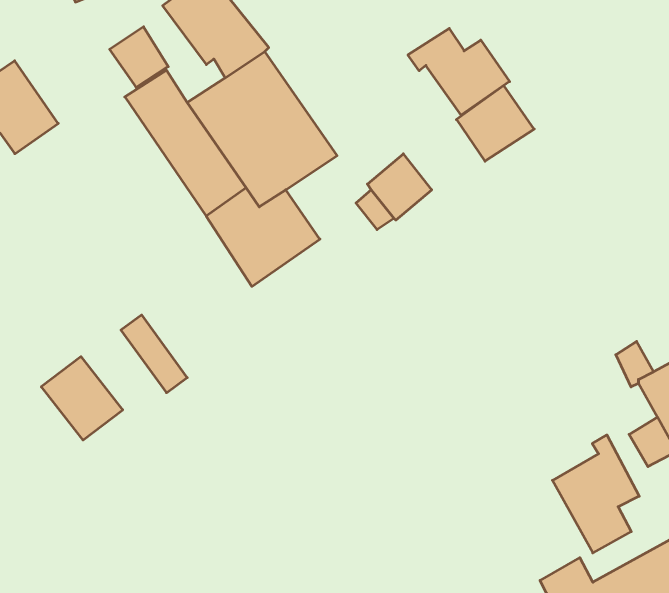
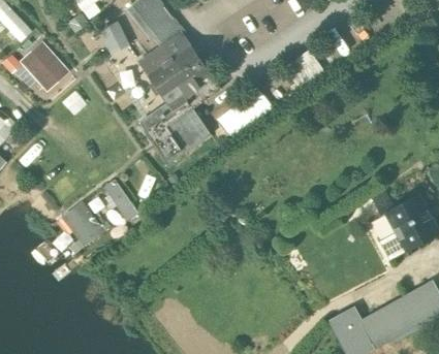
building: [408,28,510,115] -> none
building: [552,435,639,553] -> none

